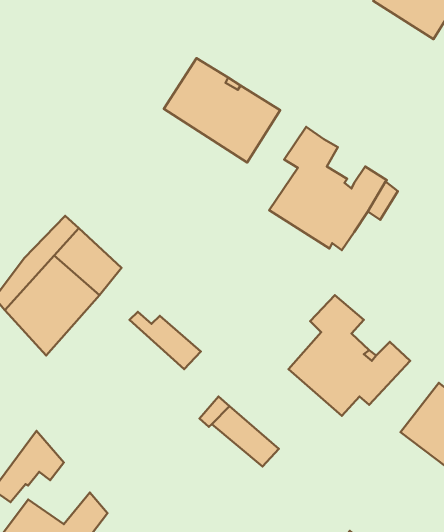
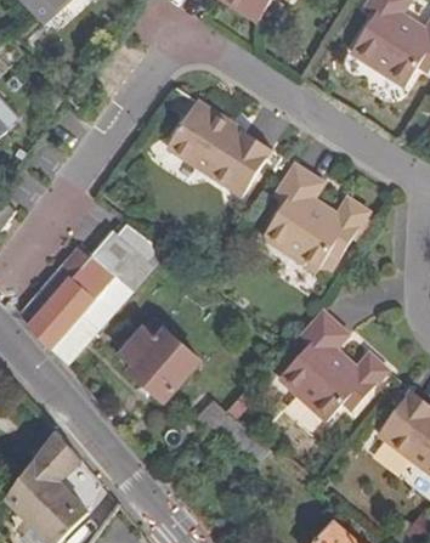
building: none -> [92,231,149,288]
building: none -> [120,334,186,402]

